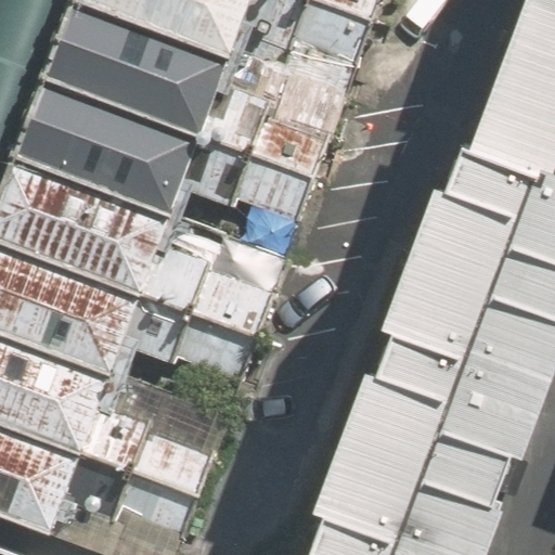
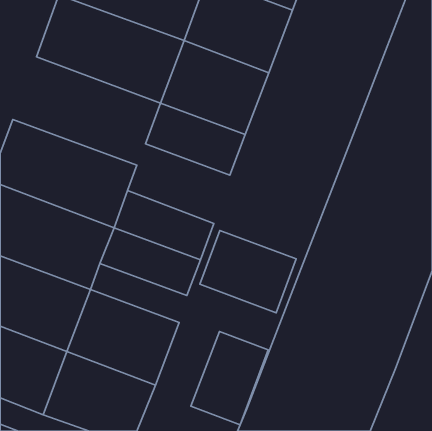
building: [16,73,206,211] -> none
building: none -> [200,230,296,313]
building: none -> [191,332,268,425]

